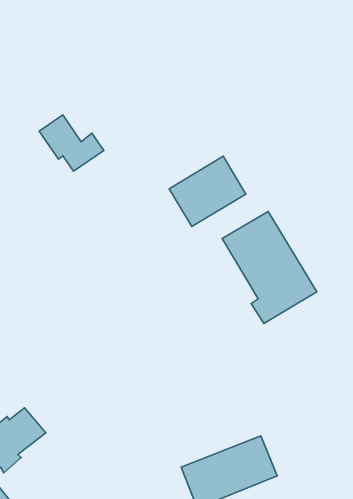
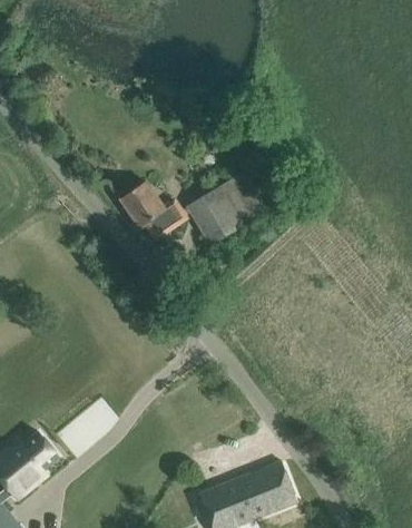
building: [39,115,104,171] -> [118,182,185,239]
building: [222,211,317,324] -> none

